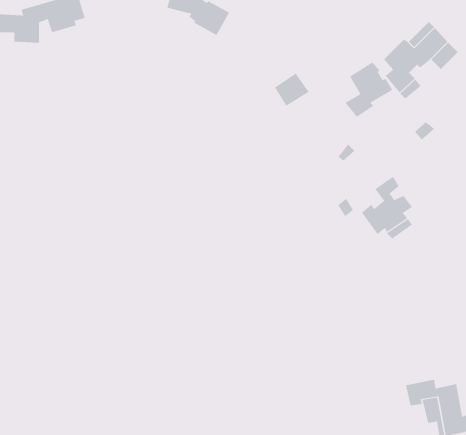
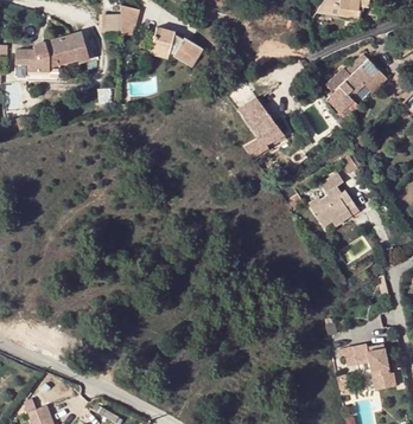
building: [345,62,393,118] -> [243,113,282,158]

